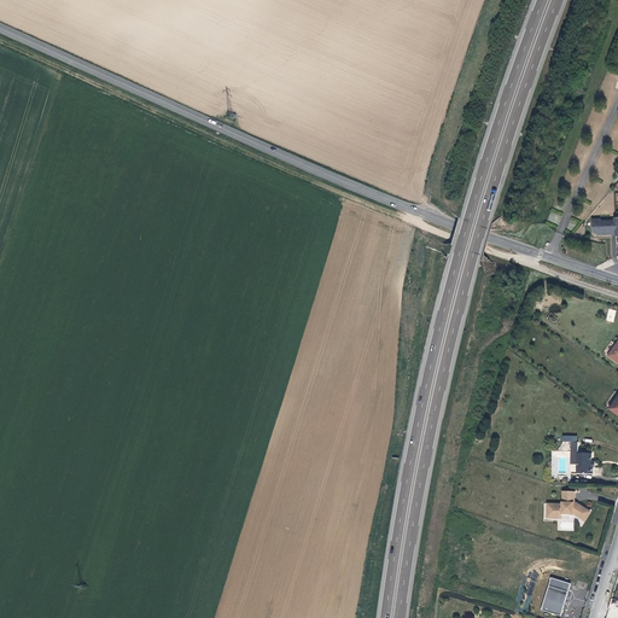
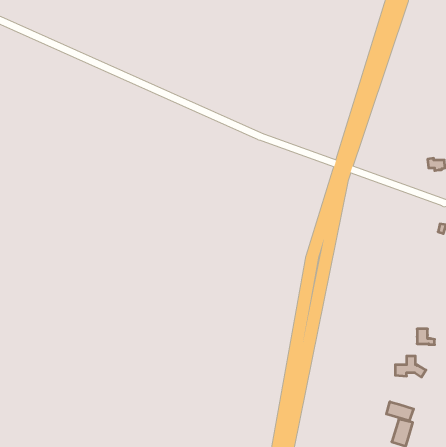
building: none -> [386,402,414,421]

